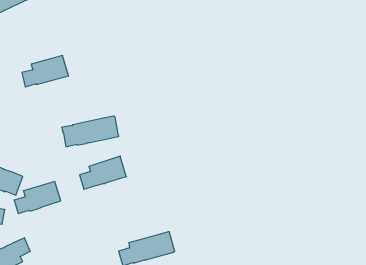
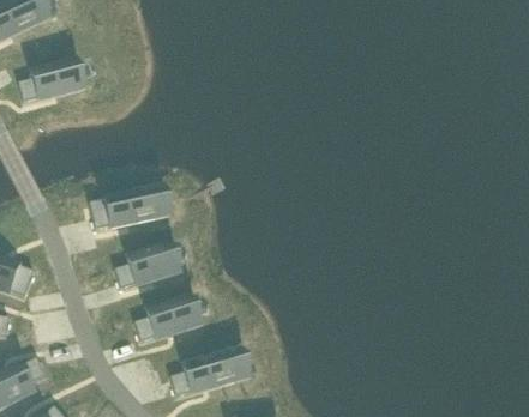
building: [22,56,69,87] -> [20,58,86,102]
building: [14,181,61,214] -> [136,295,202,340]

